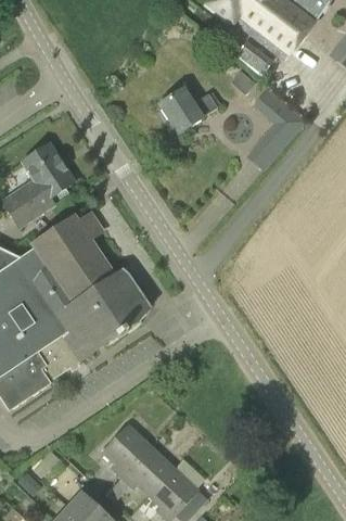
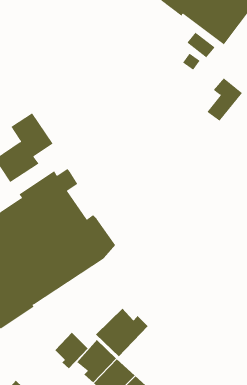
building: [158,87,218,132] -> none
building: none -> [95,308,148,357]
building: none -> [54,332,89,369]

